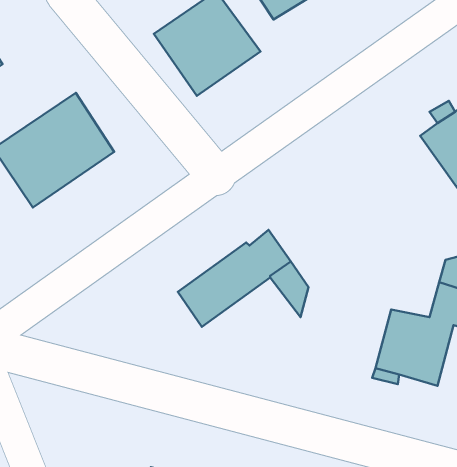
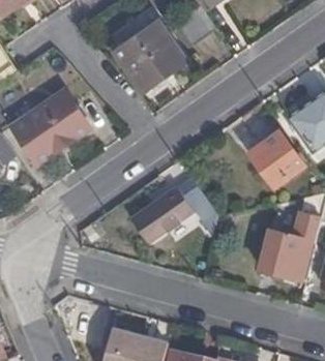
building: none -> [250,128,306,187]

